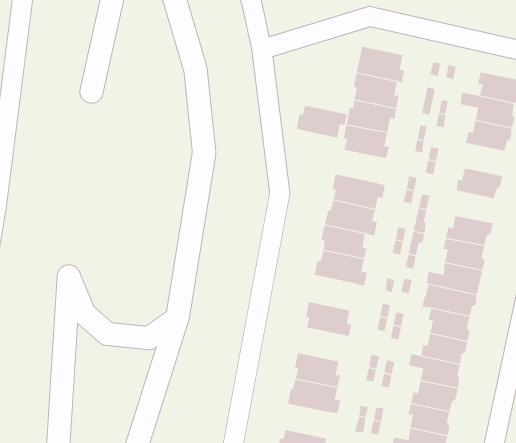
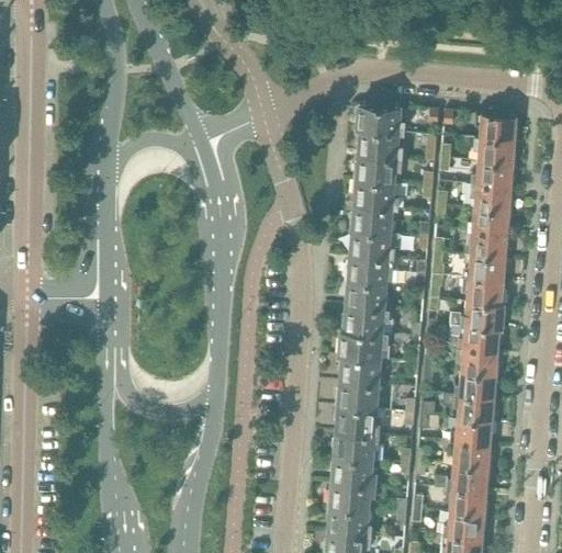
building: [296,105,348,138] -> [349,208,397,236]
building: none -> [470,187,513,214]
building: none -> [467,234,508,260]
building: none -> [339,332,386,362]
building: none -> [335,384,383,413]
building: none -> [329,460,375,488]

